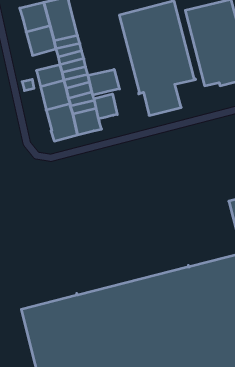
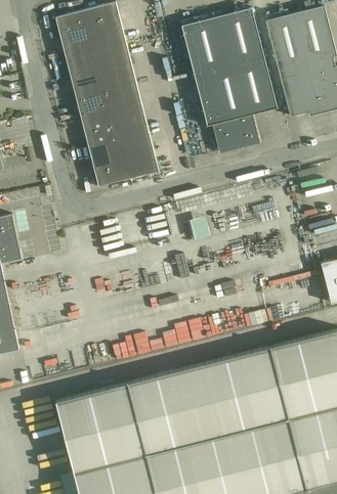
building: none -> [70,69,104,96]
building: [88,69,120,95] -> none
building: [94,94,117,119] -> none

